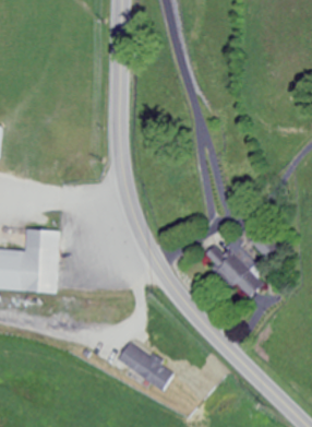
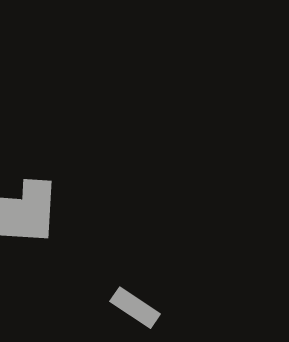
building: [205,238,264,299] -> none

